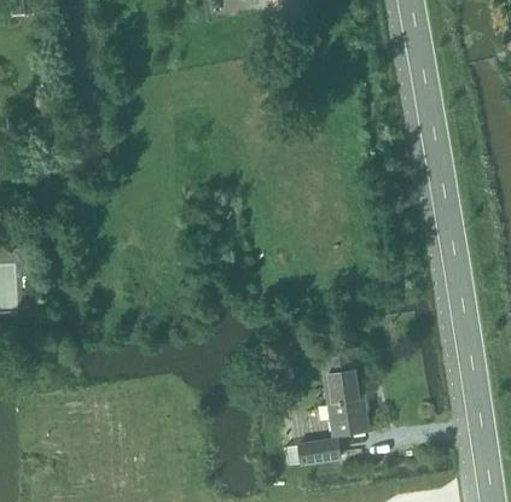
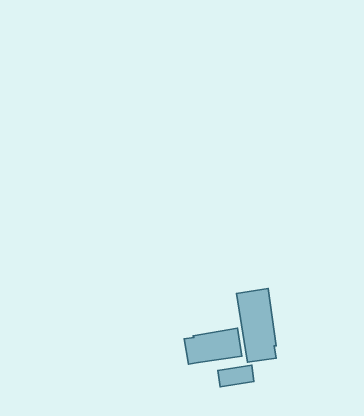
building: none -> [184,328,242,364]

